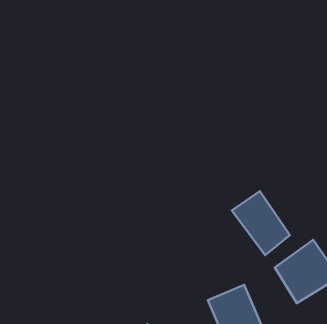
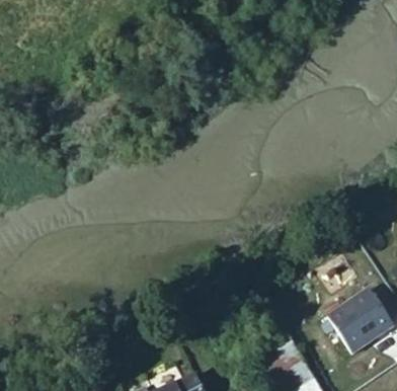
building: [232,191,290,255] -> none

